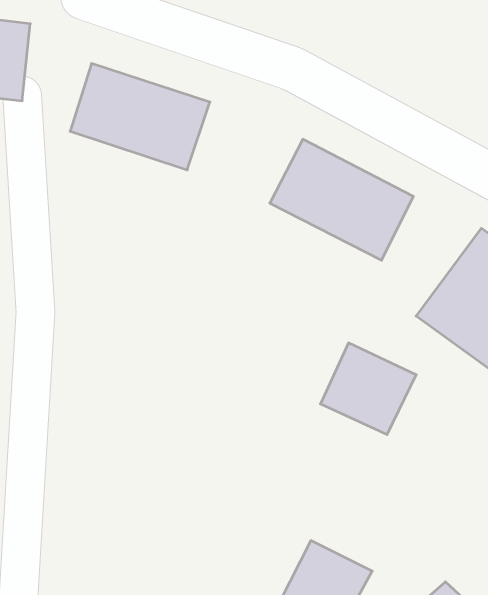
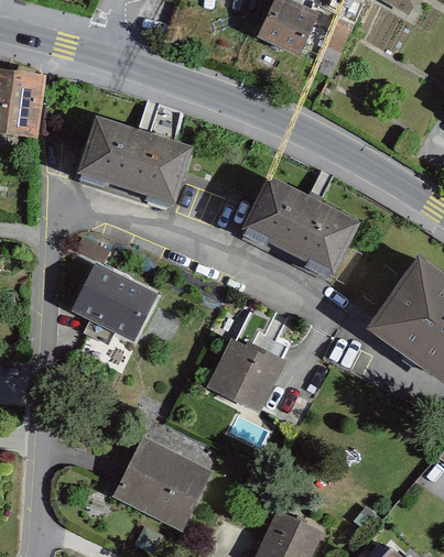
building: none -> [74,270,158,342]
building: [320,343,416,435] -> [206,338,285,414]
building: none -> [113,439,209,531]

